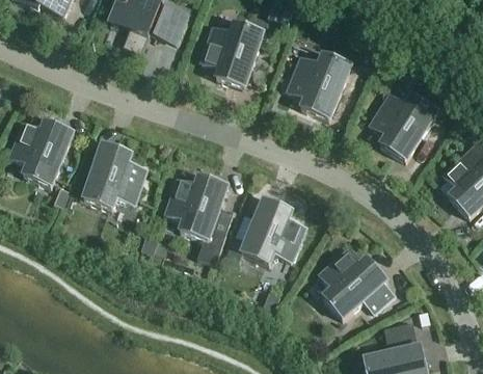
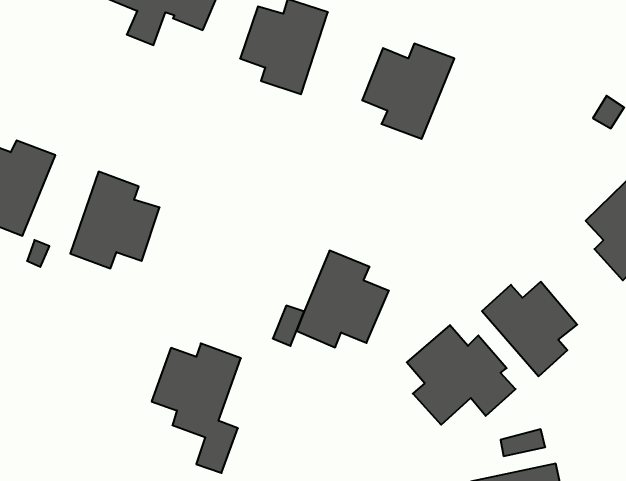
building: [371,92,438,160] -> none
building: [166,173,229,264] -> [152,343,241,473]
building: none -> [482,282,577,376]

